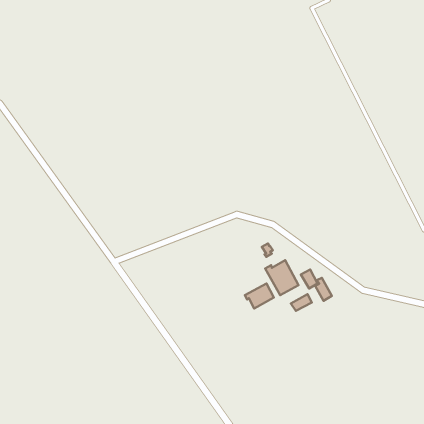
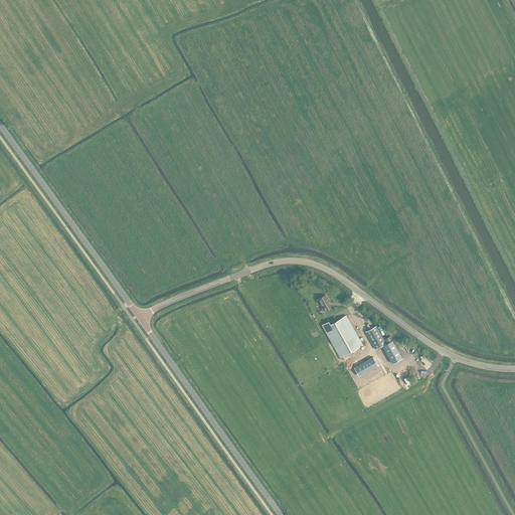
building: [245,284,274,308] -> none

